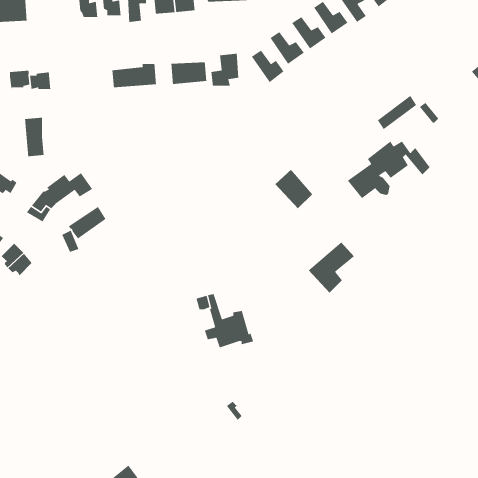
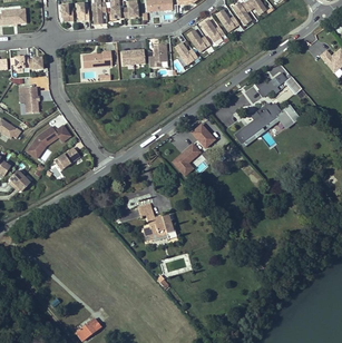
building: [308,241,355,294] -> [170,141,202,176]

